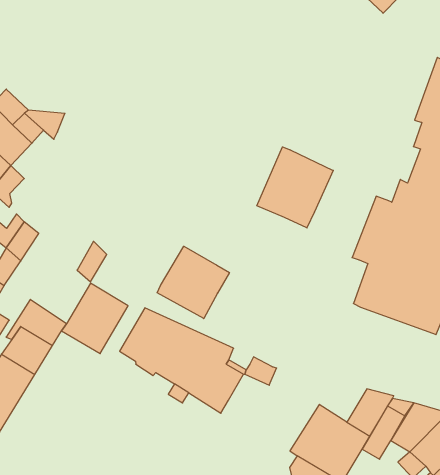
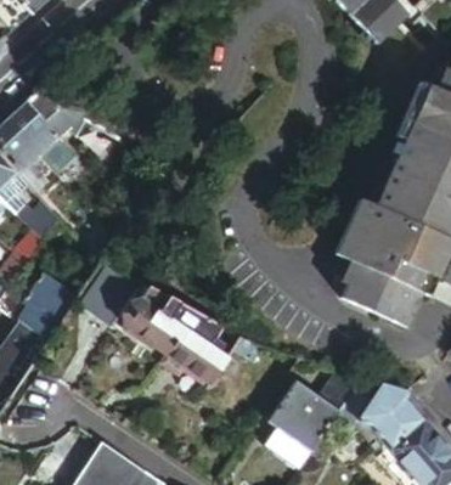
building: [257,147,333,228] -> none
building: [157,246,229,319] -> none

